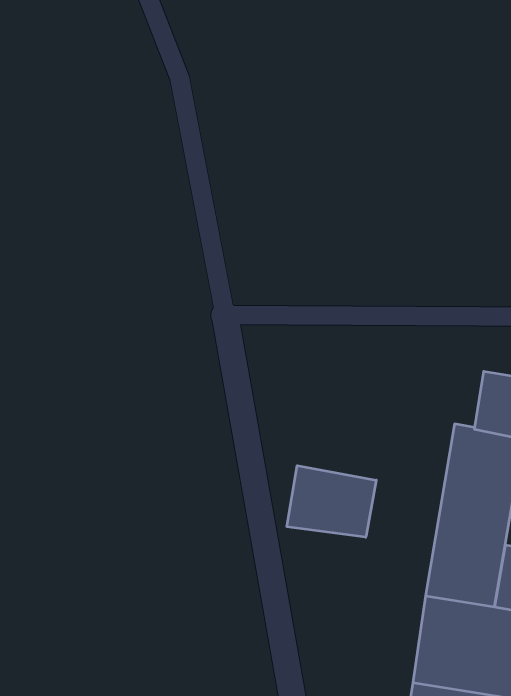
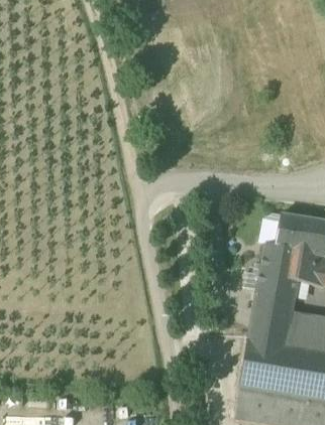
building: [287,466,376,537] -> none

